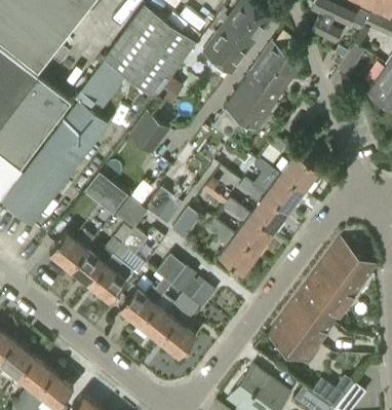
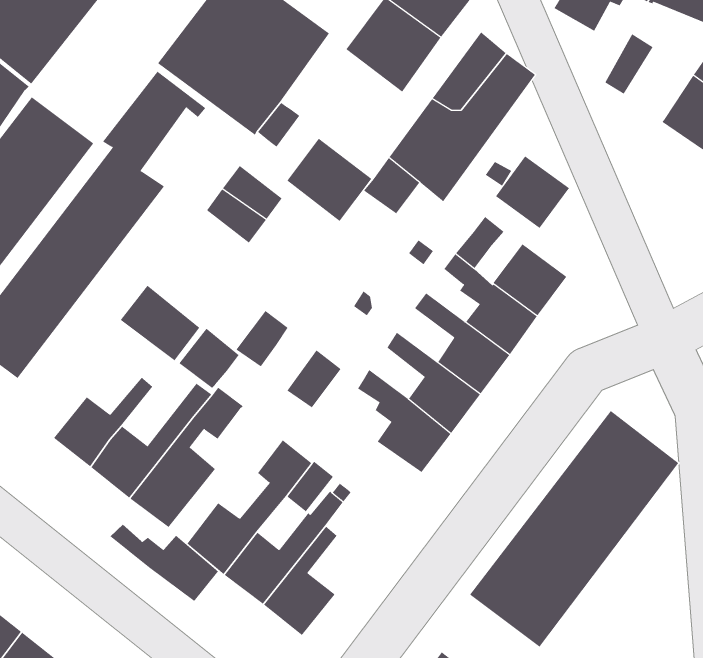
building: none -> [286,138,372,222]
building: none -> [495,156,570,229]
building: none -> [109,524,219,602]

